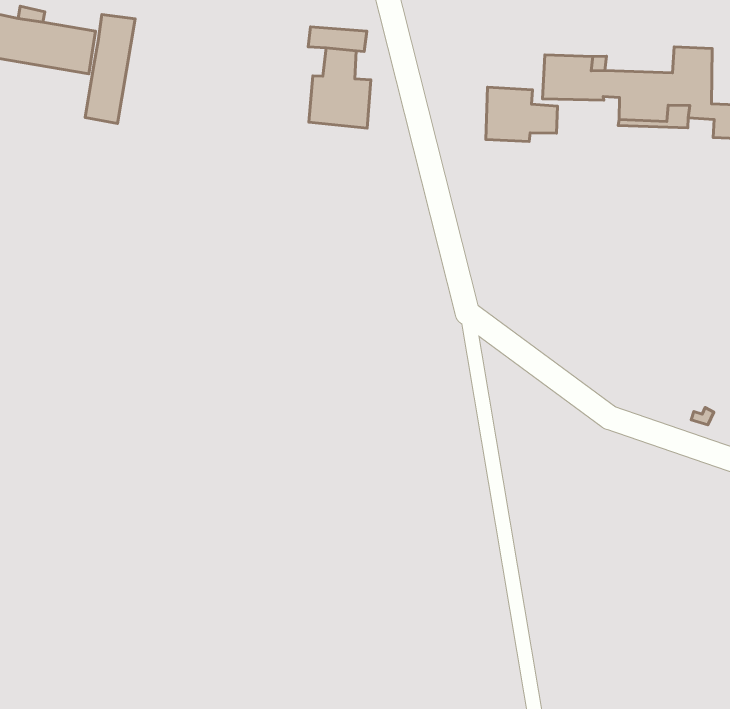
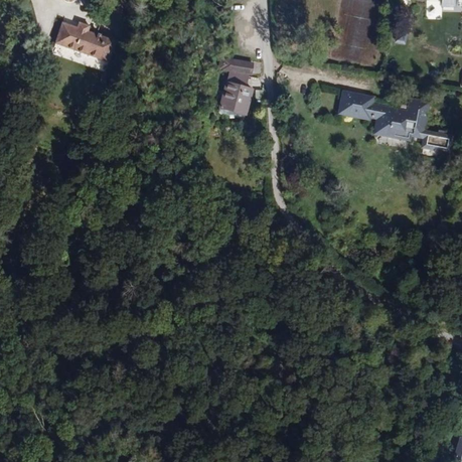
building: [85,15,135,123] -> none
building: [486,87,558,142] -> none

